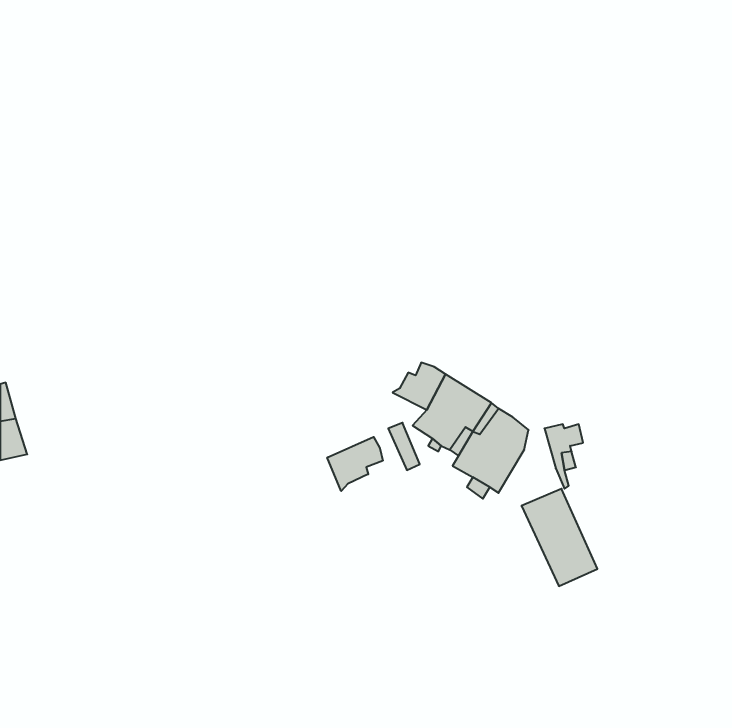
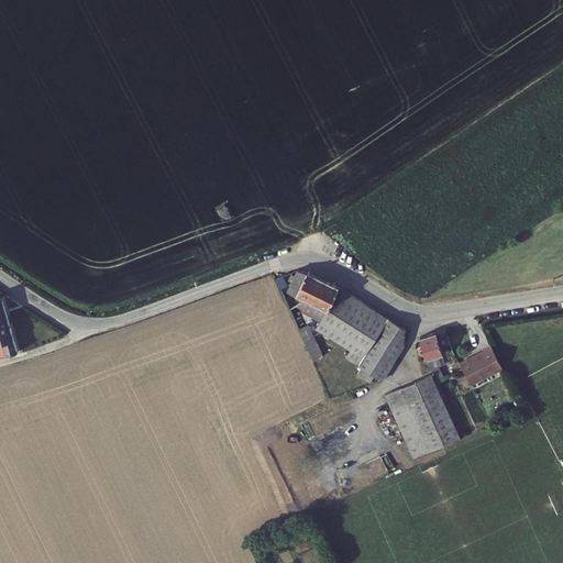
building: none -> [291,274,323,301]
building: [327,437,383,491] -> none
building: none -> [456,342,499,382]
building: none -> [386,391,429,460]

